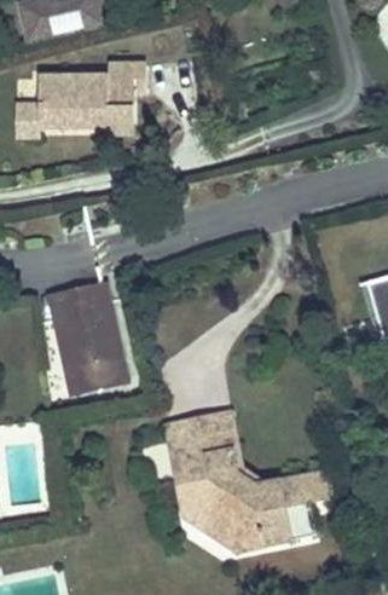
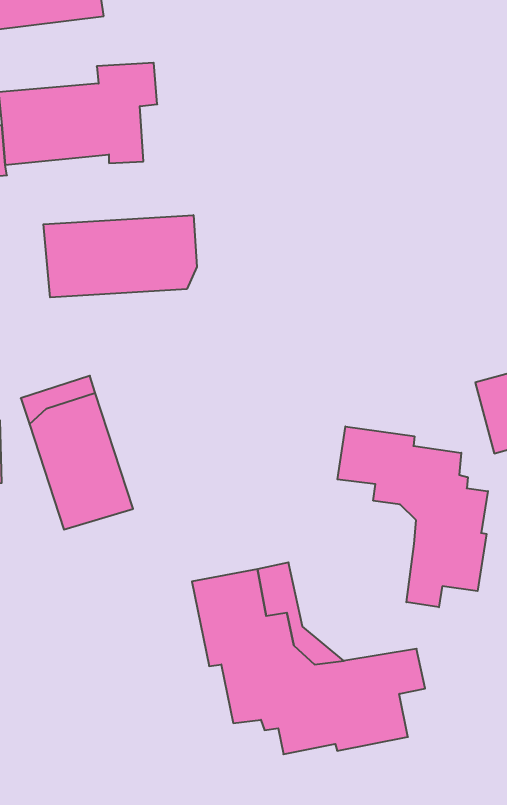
building: none -> [43,215,197,297]
building: none -> [337,426,488,607]

